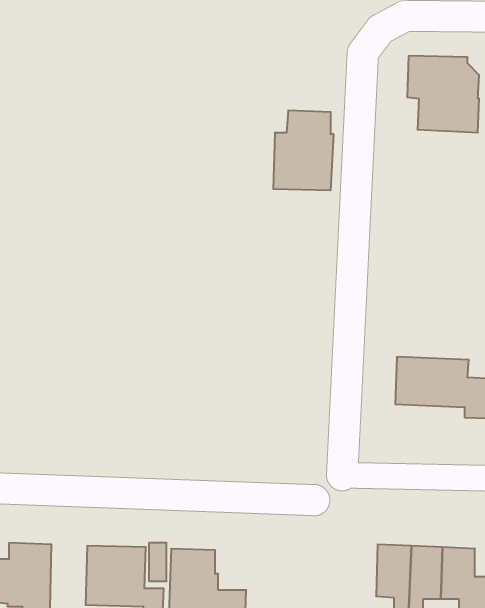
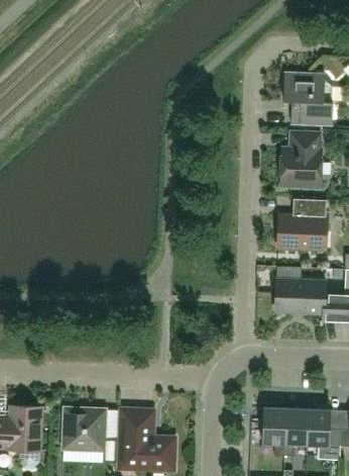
building: [273,111,334,190] -> [280,132,322,187]
building: none -> [277,198,327,250]

